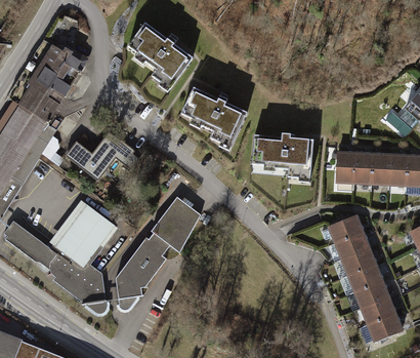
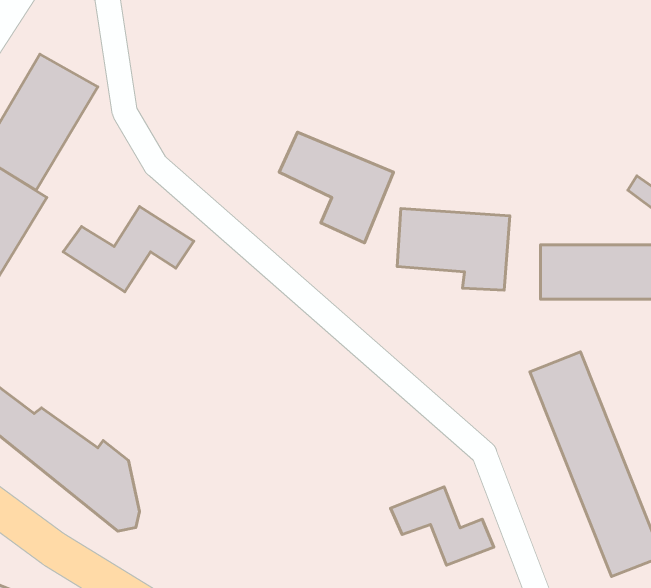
building: [130,23,195,87] -> none
building: [116,196,199,312] -> none
building: [48,200,114,268] -> none
building: none -> [391,487,494,565]

